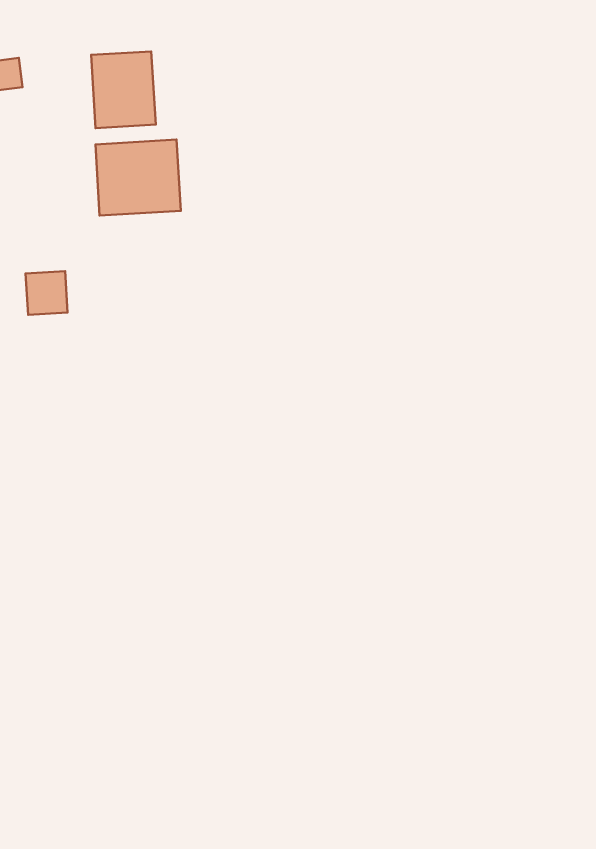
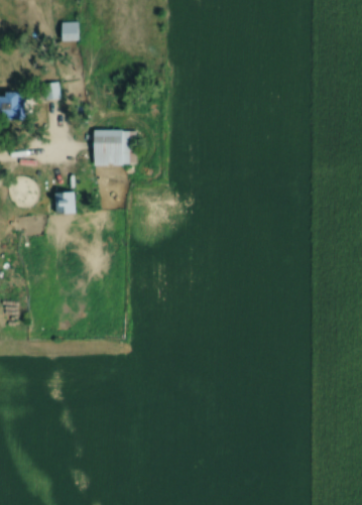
building: [91,51,156,128] -> none

